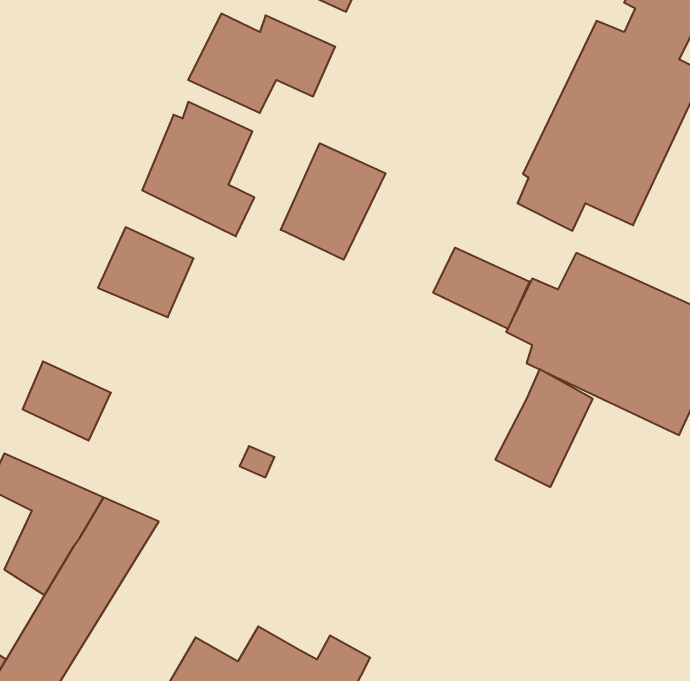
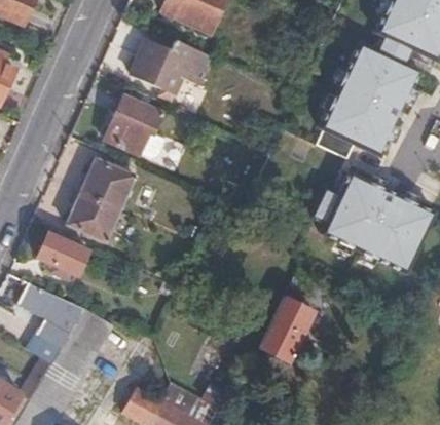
building: [281,143,386,260] -> none
building: [433,248,530,329] -> none
building: none -> [67,192,119,241]
building: [495,369,593,487] -> [258,296,313,361]

